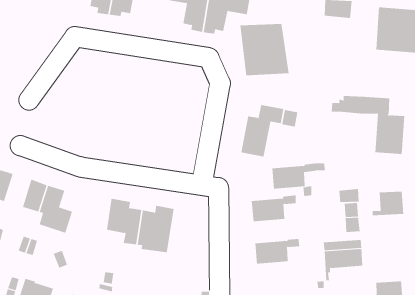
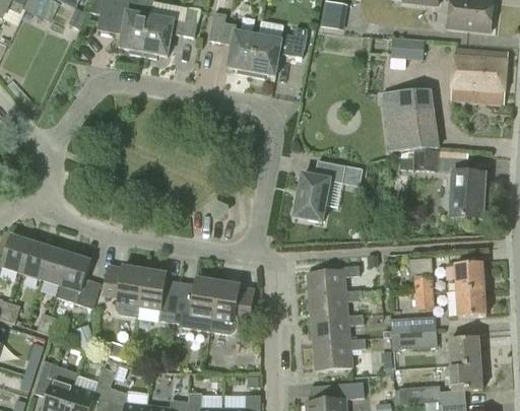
building: [239,23,289,76] -> [381,88,439,149]
building: [271,163,326,189] -> [308,289,371,320]
building: none -> [20,239,51,278]
building: none -> [102,264,143,317]
building: none -> [209,280,255,334]
building: none -> [446,286,484,315]
building: none -> [442,335,480,365]
building: none -> [312,338,365,369]

